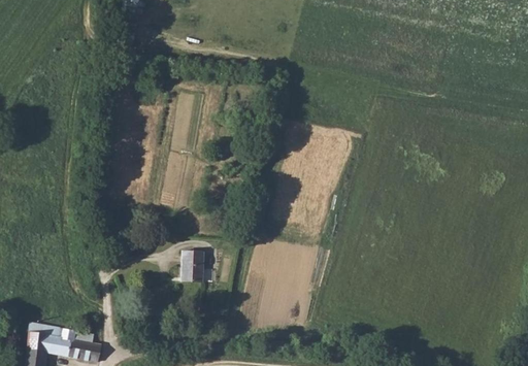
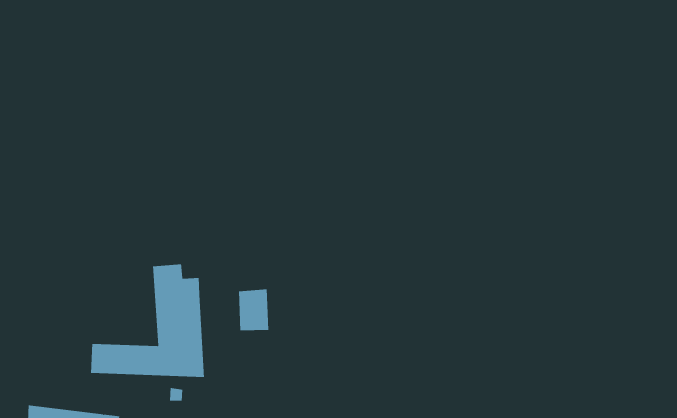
building: none -> [91,263,205,378]

